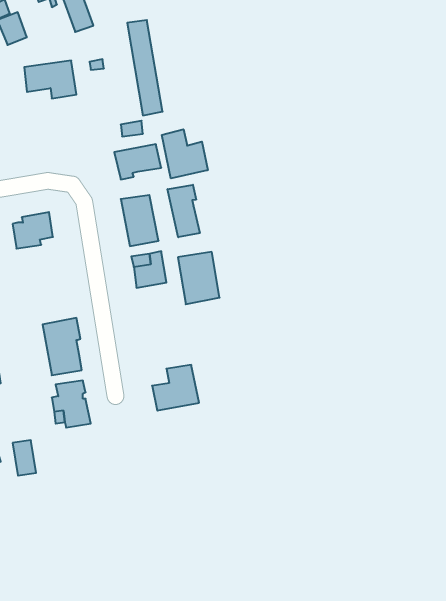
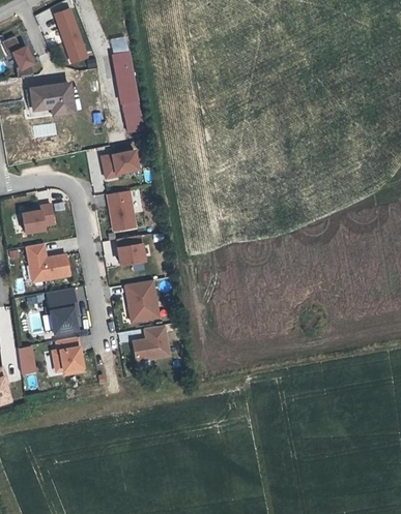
building: [162,129,208,178] -> none
building: [168,185,200,237] -> none
building: [178,252,220,304] -> [125,280,159,322]
building: none -> [26,243,69,281]
building: [13,440,36,476] -> [18,346,36,374]

